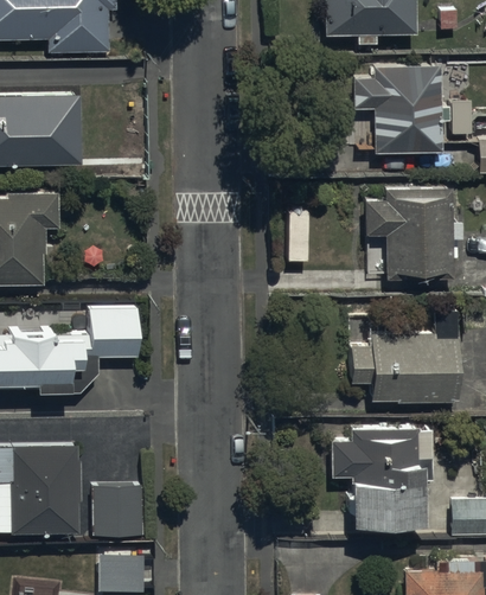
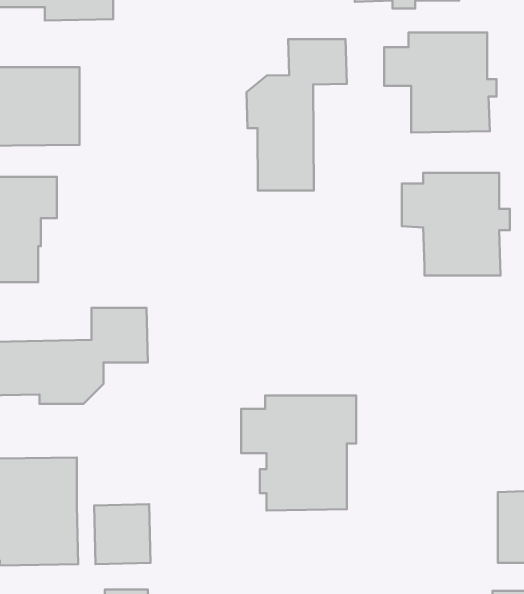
building: none -> [246,39,347,190]
building: [348,308,458,403] -> none
building: [331,427,433,529] -> [241,396,356,510]

